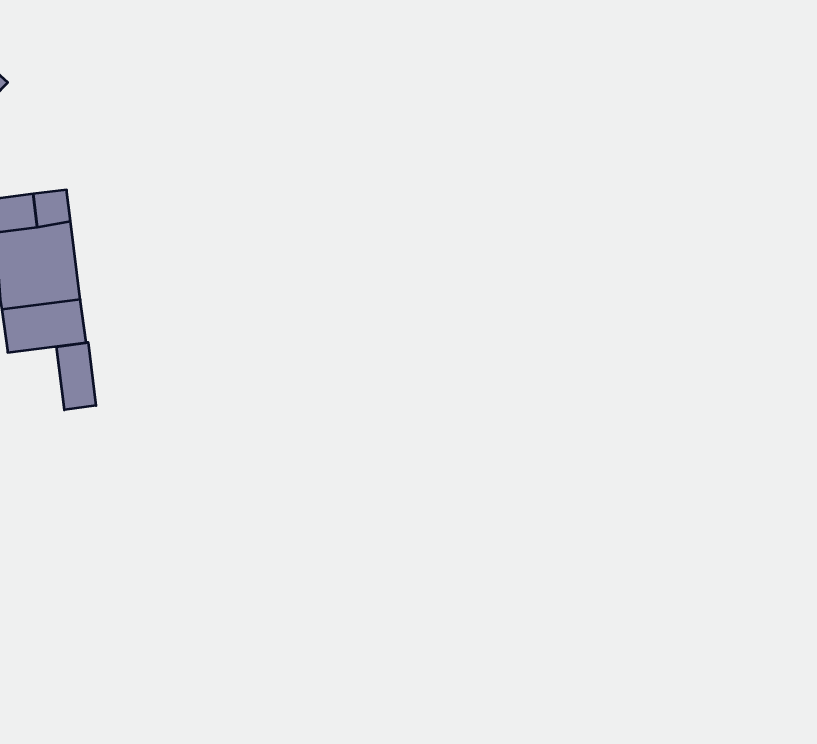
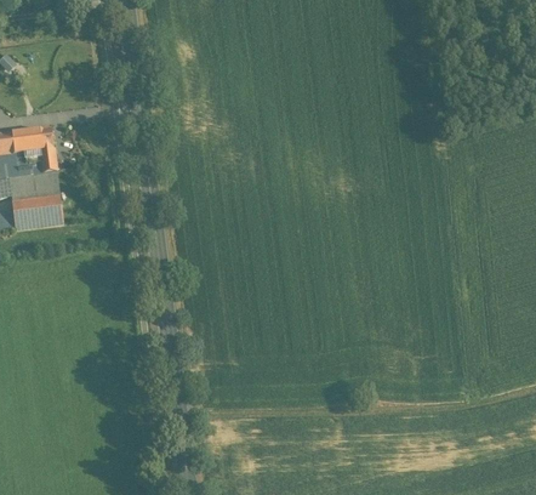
building: [57,342,96,410] -> none

